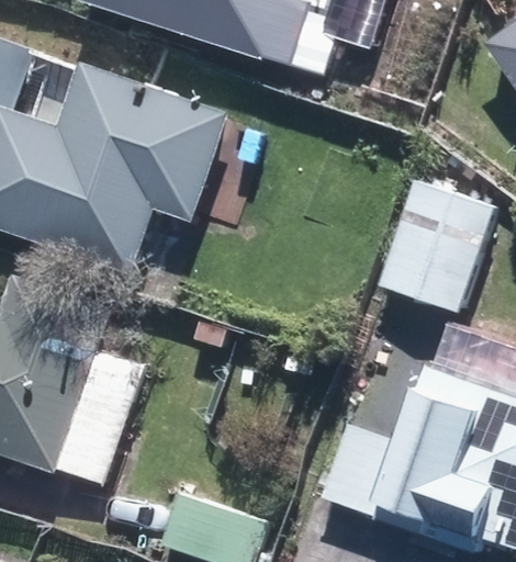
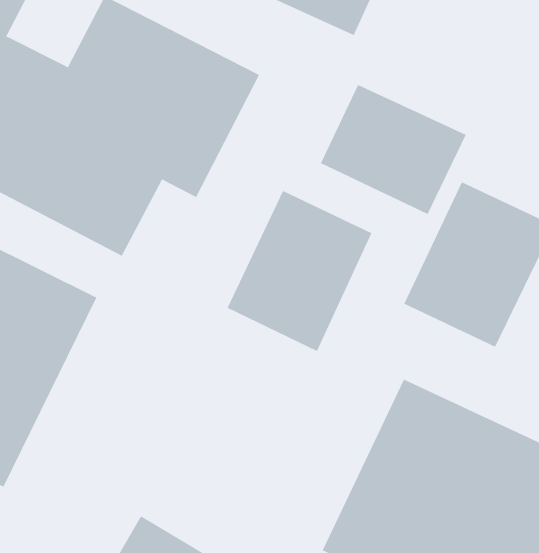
building: none -> [320,84,466,215]
building: none -> [227,190,372,352]

